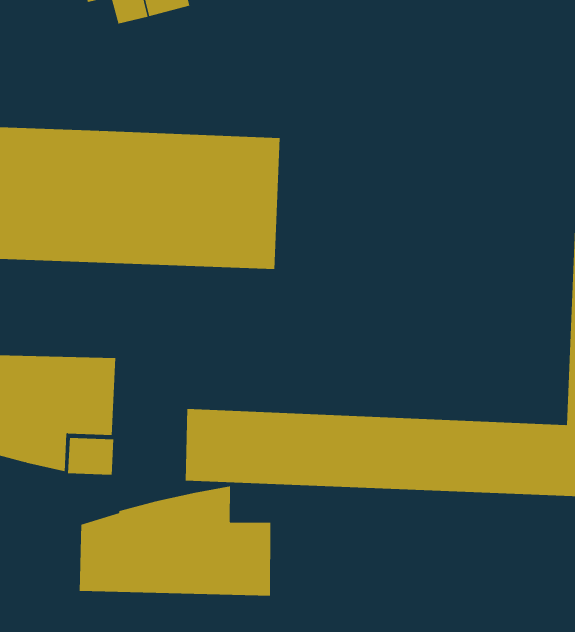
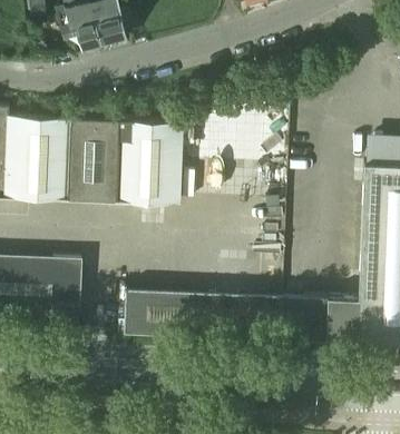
building: [79,485,271,596] -> none

